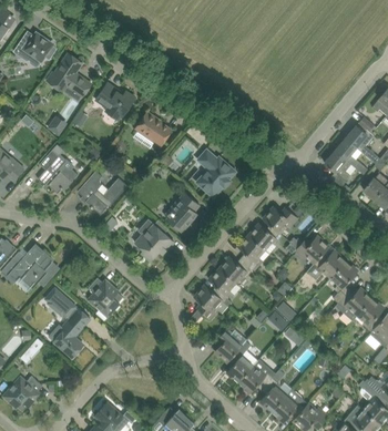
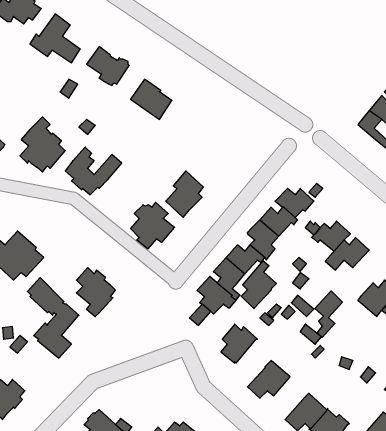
building: [197,148,236,197] -> none
building: [325,151,351,186] -> none
building: [331,261,356,302] -> [315,291,342,337]
building: [227,340,258,382] -> [241,261,276,309]
building: [261,369,288,411] -> none

